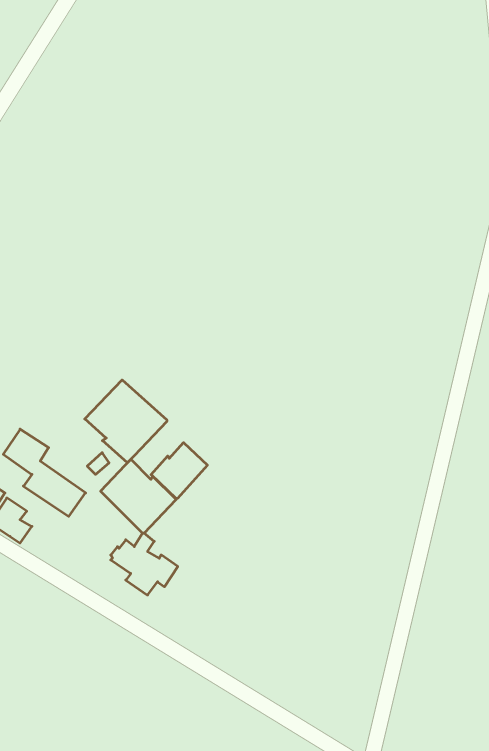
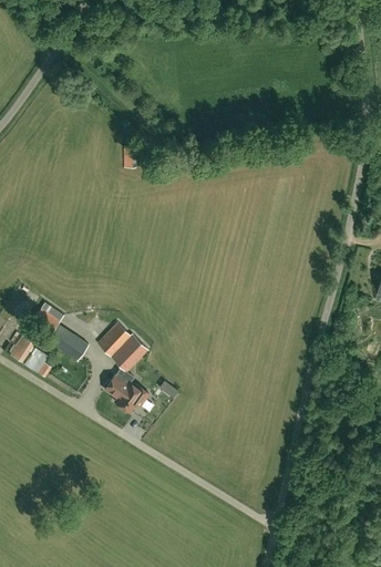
building: [85,380,167,463] -> none
building: [151,443,207,499] -> none

